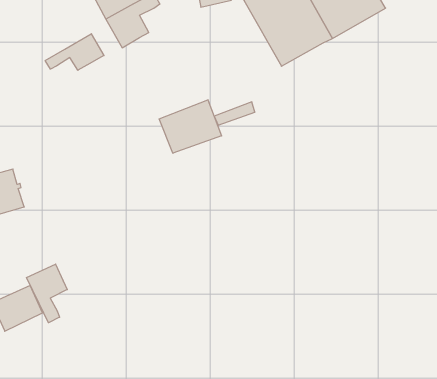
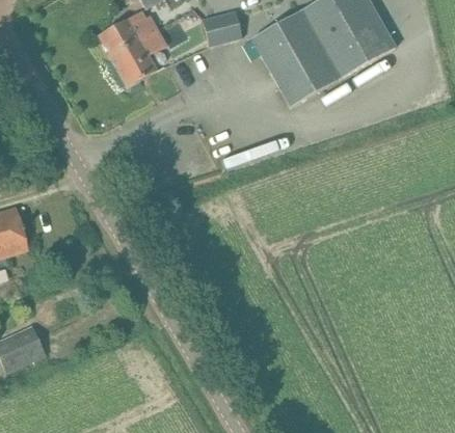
building: [45,34,104,70] -> none
building: [159,100,222,153] -> none
building: [27,264,67,323] -> none

